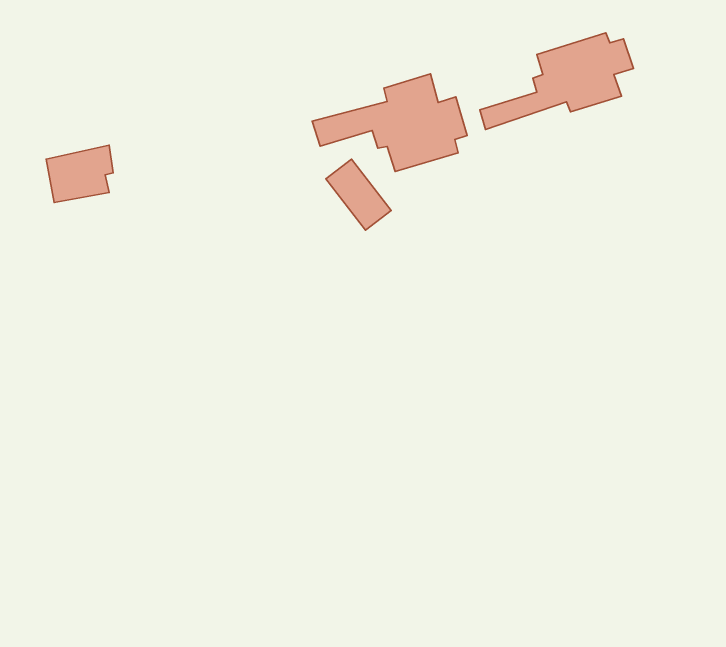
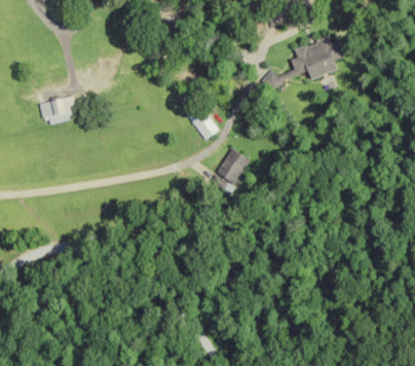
building: [312,74,467,172] -> none
building: none -> [212,148,251,193]

